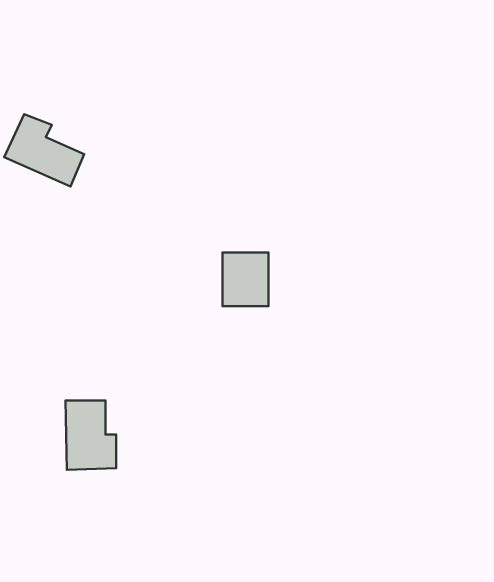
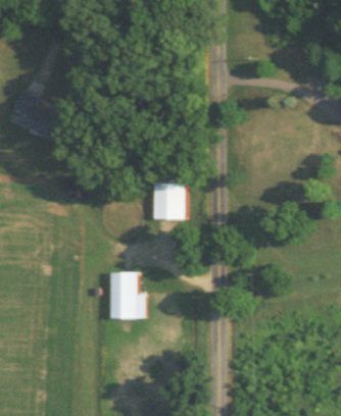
building: [65,401,116,470] -> [109,272,143,318]

